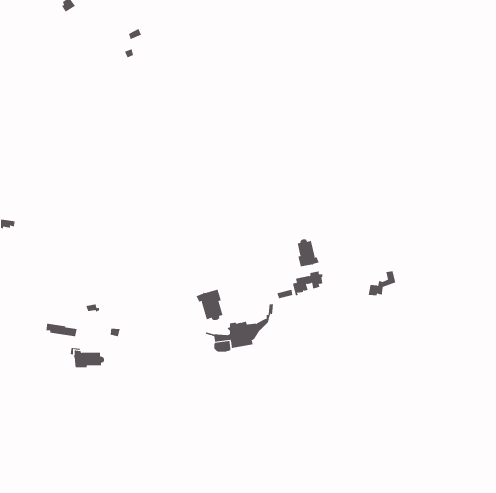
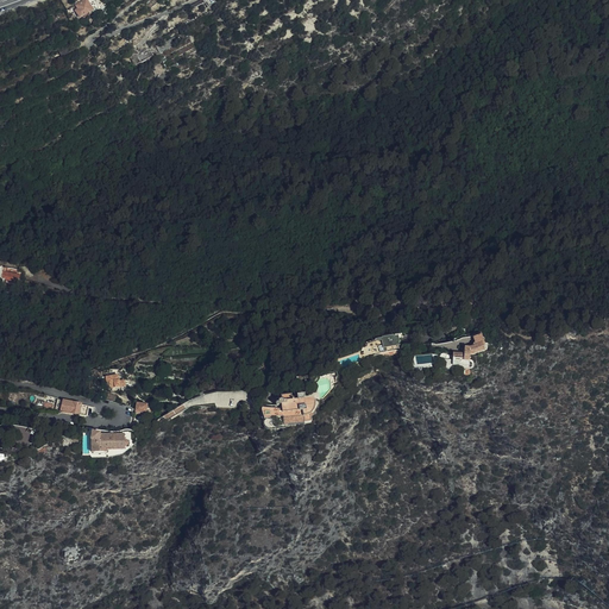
building: [297,239,320,267] -> none
building: [196,289,223,321] -> none

